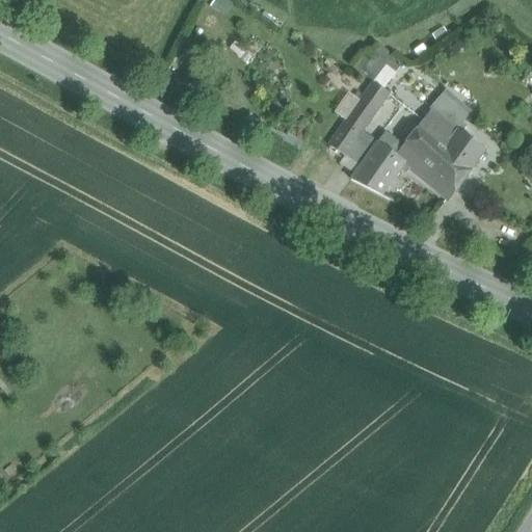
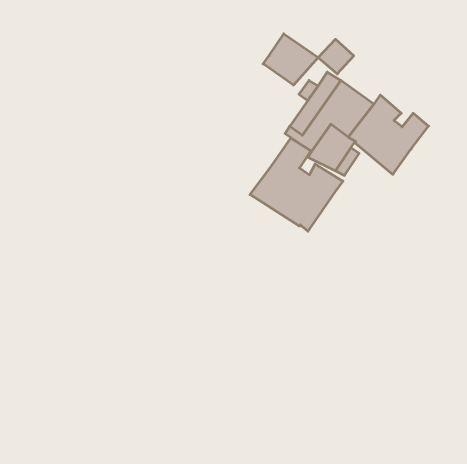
building: none -> [263,34,318,85]
building: [432,92,470,129] -> none
building: none -> [250,138,343,231]

